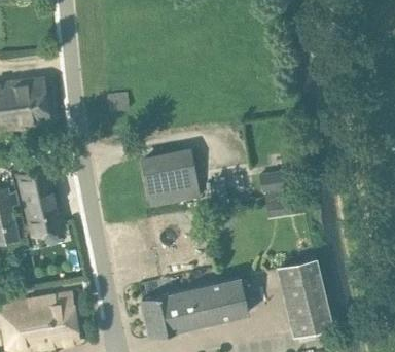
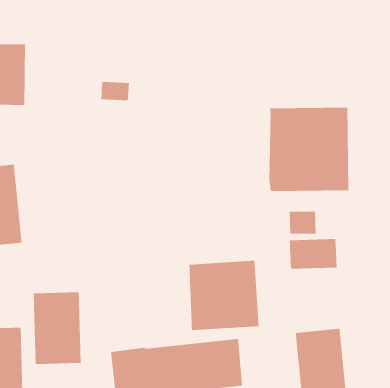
building: none -> [269,107,349,192]
building: [140,147,201,208] -> [188,260,259,331]
building: none -> [33,291,82,365]

